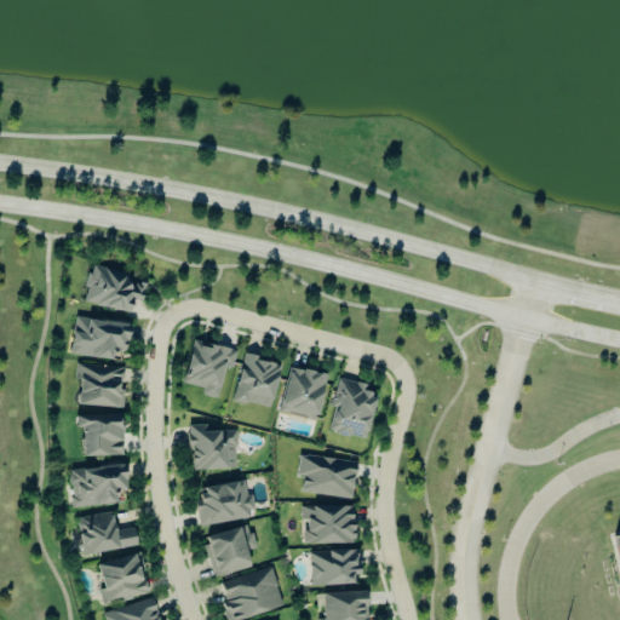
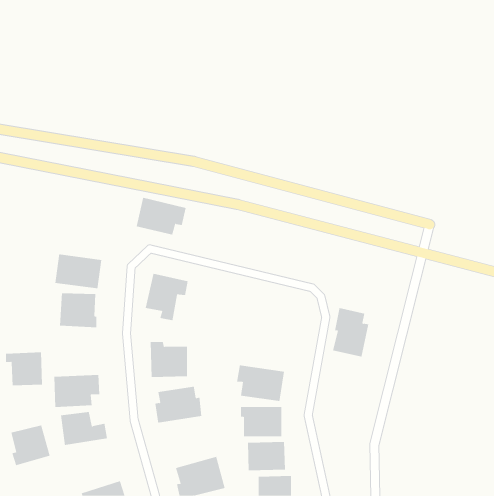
building: [85,265,148,312] -> [136,197,186,235]
building: [235,355,282,408] -> none
building: [281,367,327,420] -> none
building: [331,378,377,440] -> [332,308,369,357]
building: [76,414,124,457] -> [5,352,43,386]
building: [205,526,257,576] -> none
building: [98,555,148,605] -> [11,425,50,466]

